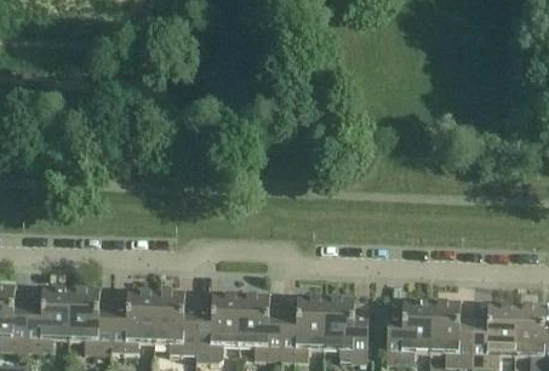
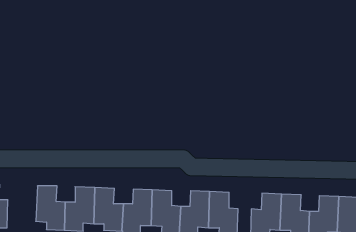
building: [24,285,69,349] -> none

